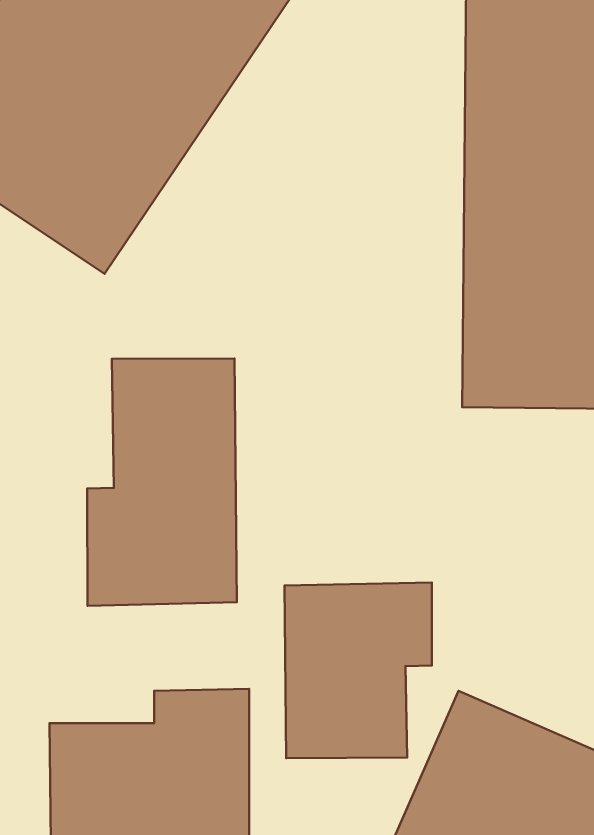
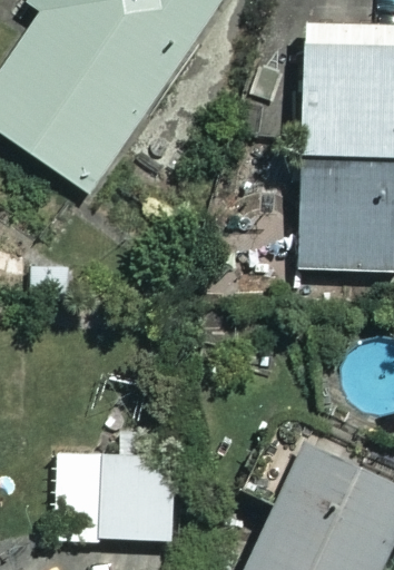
building: [87,358,237,606] -> none
building: [285,583,432,758] -> none

